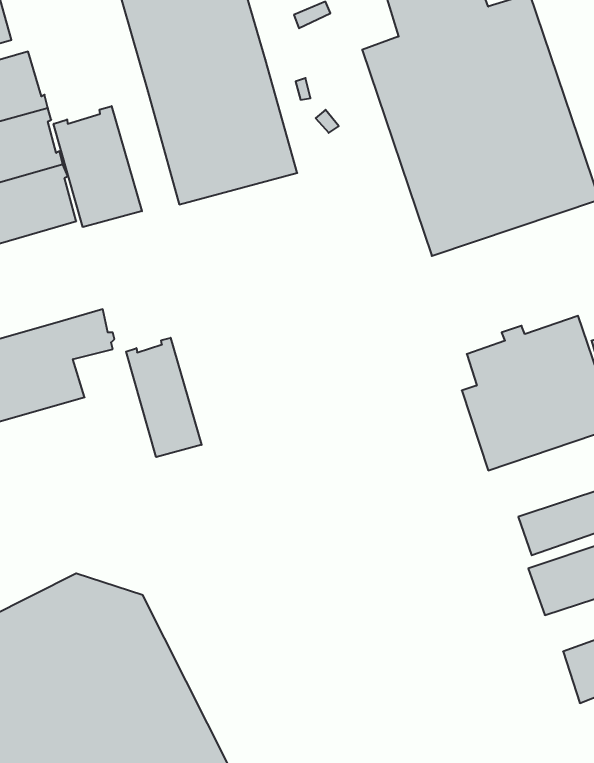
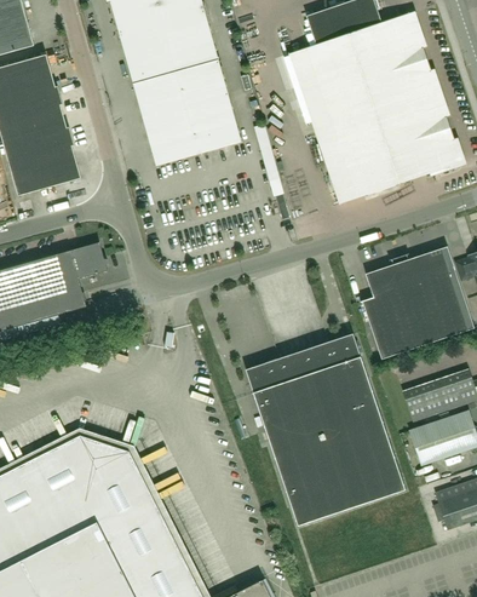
building: [54,106,142,227] -> none
building: [126,338,202,457] -> none
building: none -> [245,334,404,527]

